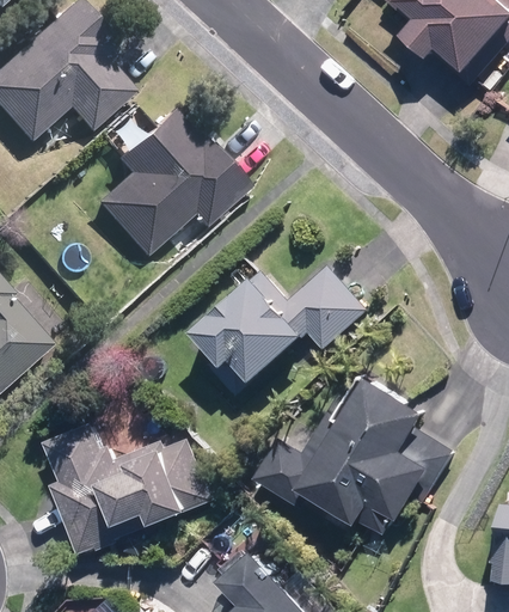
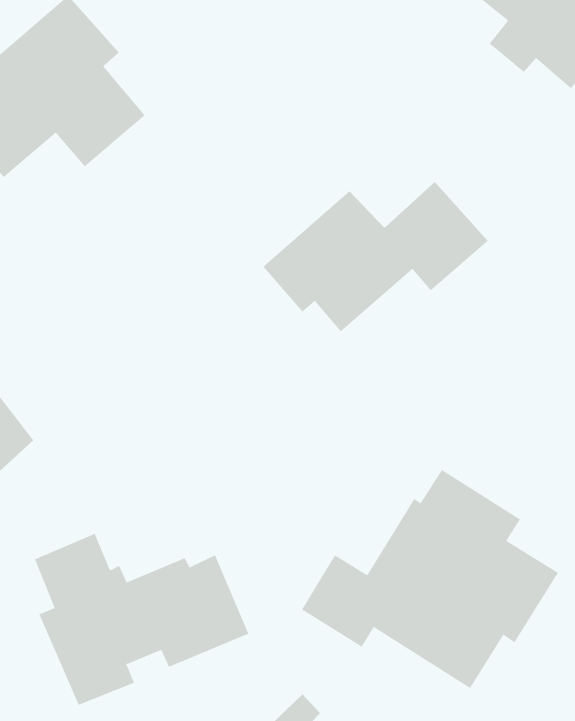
building: [92,109,250,258] -> none
building: [195,264,372,382] -> [263,181,488,332]

